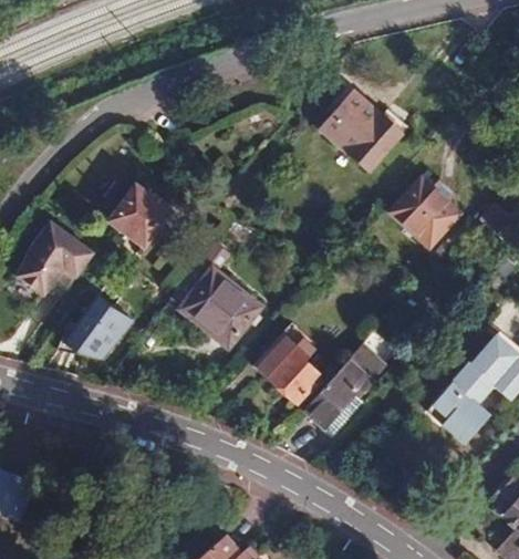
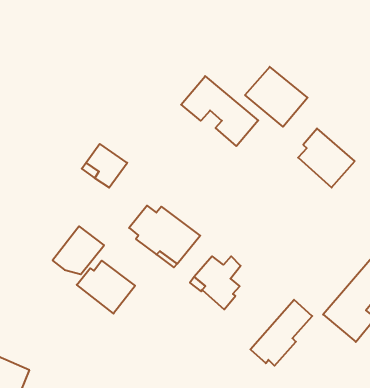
building: none -> [181,76,258,146]
building: [19,222,102,299] -> none
building: none -> [77,261,135,314]
building: [304,346,384,432] -> [250,300,312,366]

